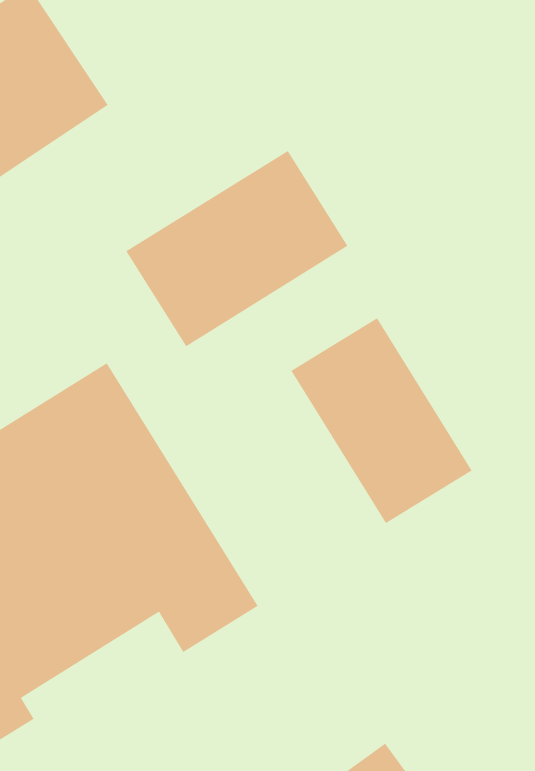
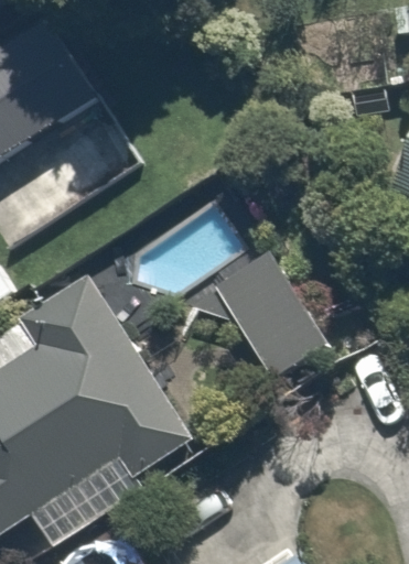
building: [126,150,348,347] -> none

